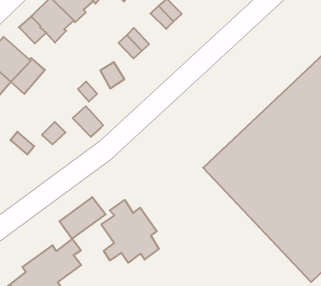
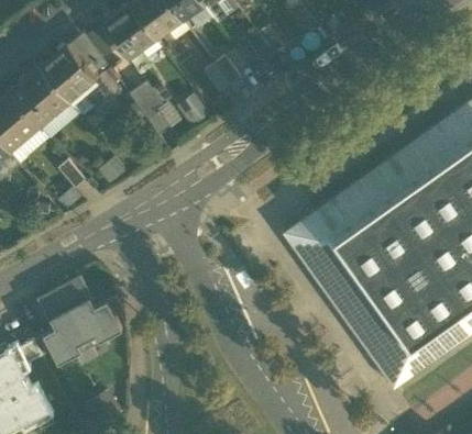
building: none -> [69,33,108,76]
building: [73,106,103,137] -> [130,82,165,120]
building: [59,197,106,239] -> [39,277,95,323]
building: [101,200,159,263] -> none

